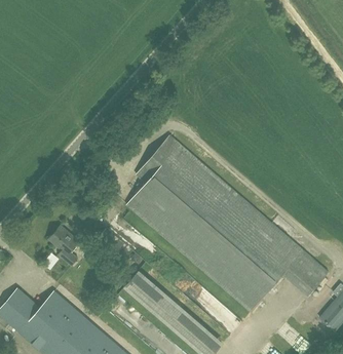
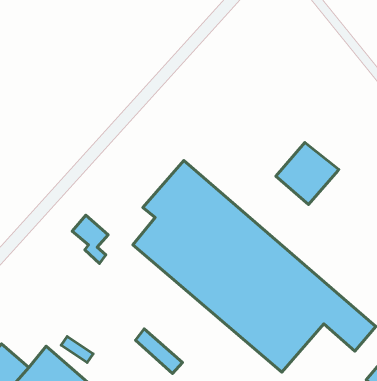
building: none -> [276,142,339,205]
building: [49,225,79,265] -> [72,215,108,263]

